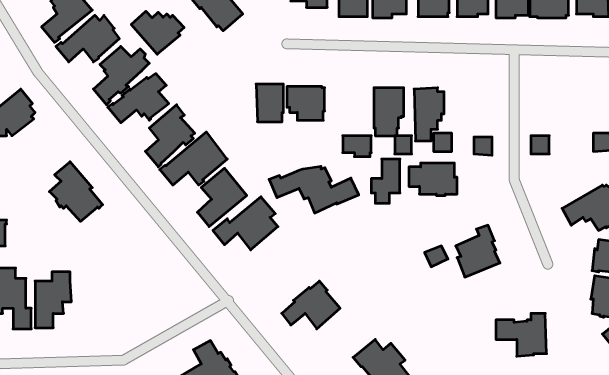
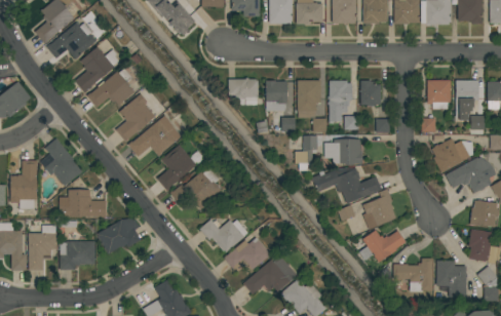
building: [131,11,184,54] -> none
building: [256,84,283,122] -> [265,81,286,111]
building: none -> [427,80,451,110]
building: none -> [455,80,478,120]
building: none -> [360,81,381,107]
building: none -> [431,139,470,173]
building: [269,166,359,213] -> [311,167,382,204]
building: none -> [10,161,38,209]
building: none -> [59,190,107,218]
building: none -> [97,219,141,254]
building: none -> [199,220,248,252]
building: none -> [358,230,406,263]
building: none -> [60,241,95,270]
building: none -> [242,253,297,294]
building: none -> [436,261,467,298]

